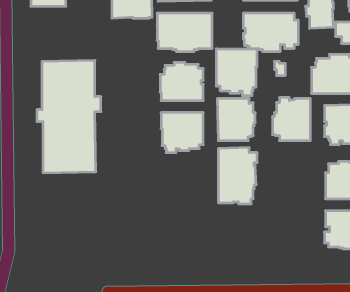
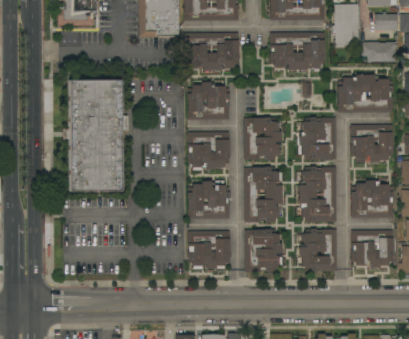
building: [216,49,257,96] -> none
building: none -> [299,167,337,223]
building: none -> [188,180,230,219]
building: none -> [299,229,337,271]
building: none -> [245,230,284,272]
building: none -> [188,231,231,270]

